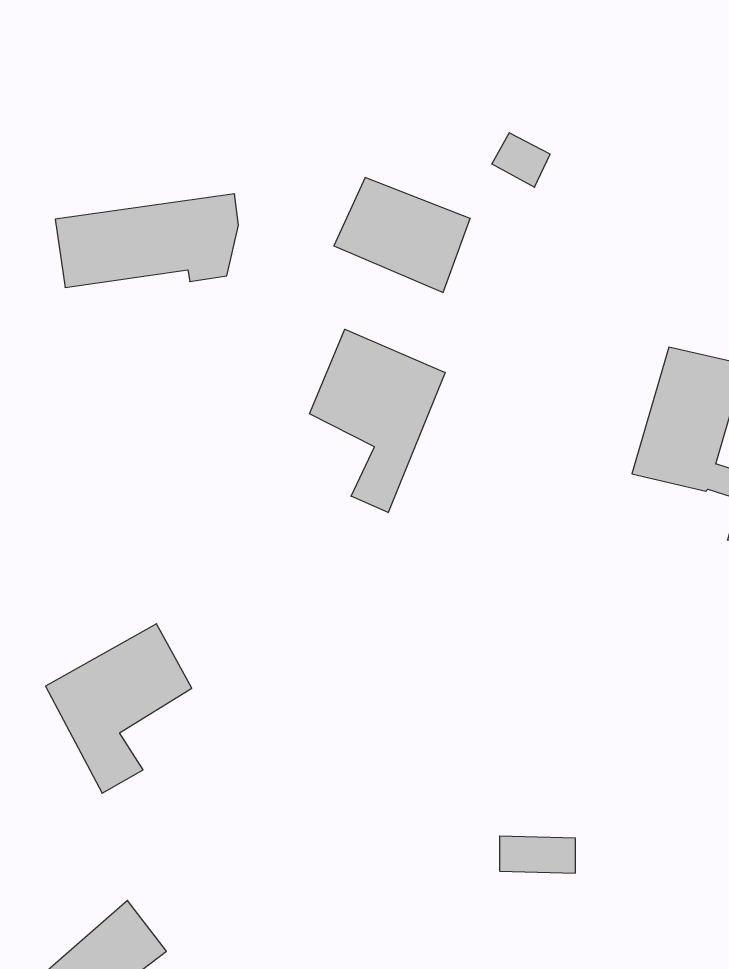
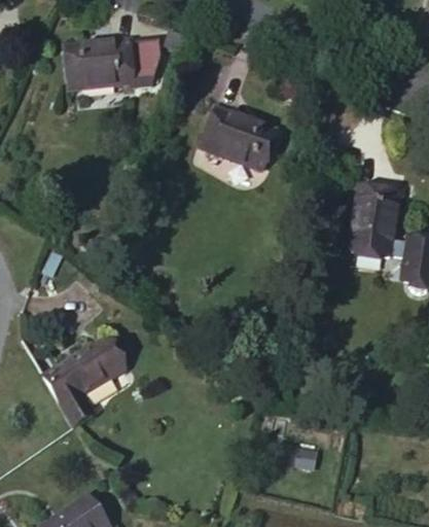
building: [55,194,238,287] -> [68,31,165,80]
building: [309,329,445,513] -> none

